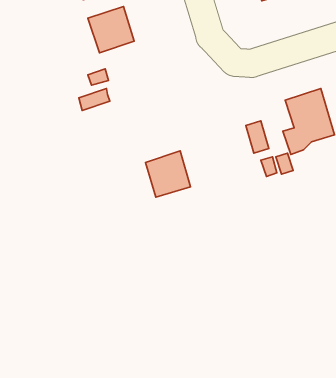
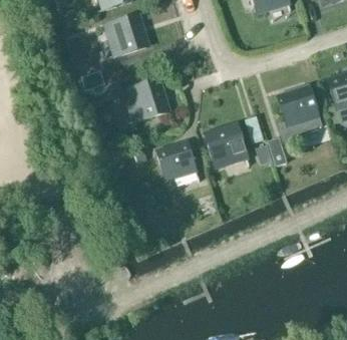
building: none -> [126,81,167,123]
building: none -> [207,126,246,165]

